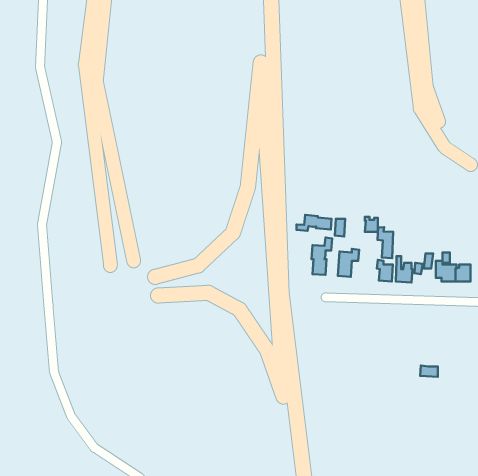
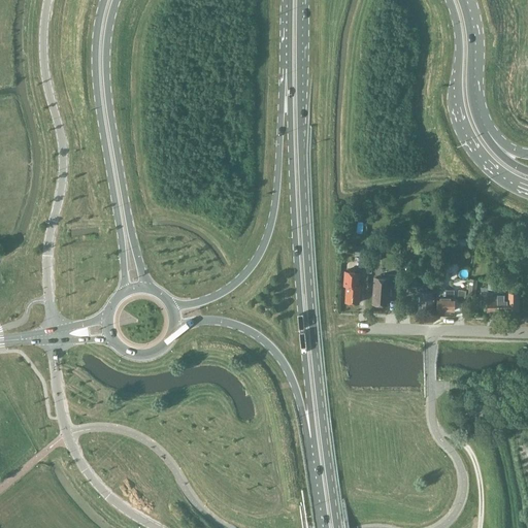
building: [296,215,332,231] -> none
building: [378,227,393,258] -> none

